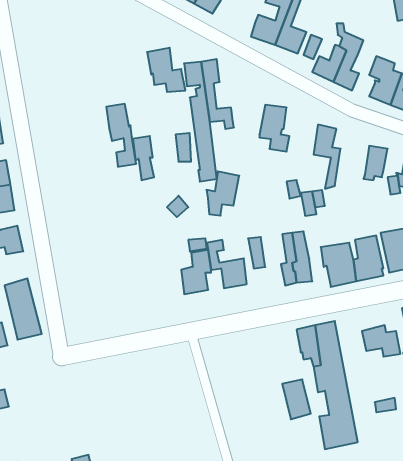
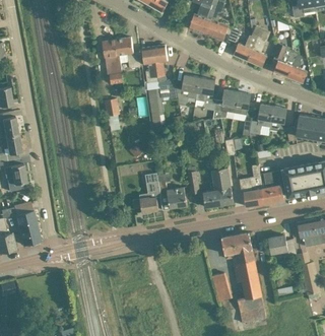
building: [106,104,136,167] -> [102,40,123,84]
building: none -> [212,89,237,118]
building: none -> [249,104,273,136]
building: [206,171,239,216] -> [176,74,199,106]

